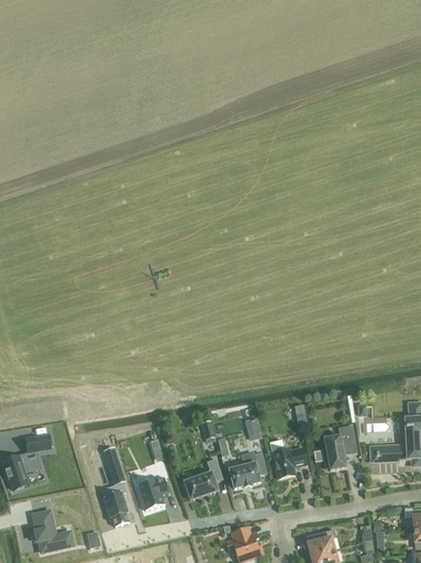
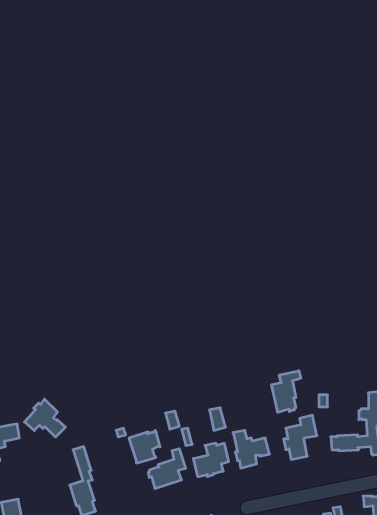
building: none -> [272,371,301,412]
building: none -> [24,399,65,437]
building: [136,476,168,509] -> [129,431,160,463]

